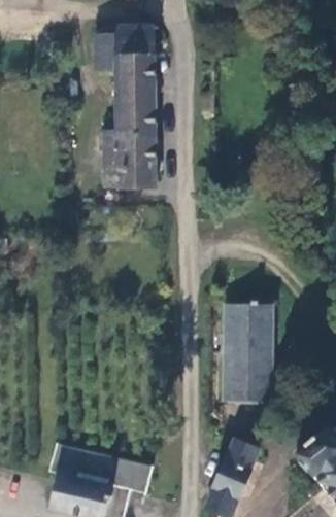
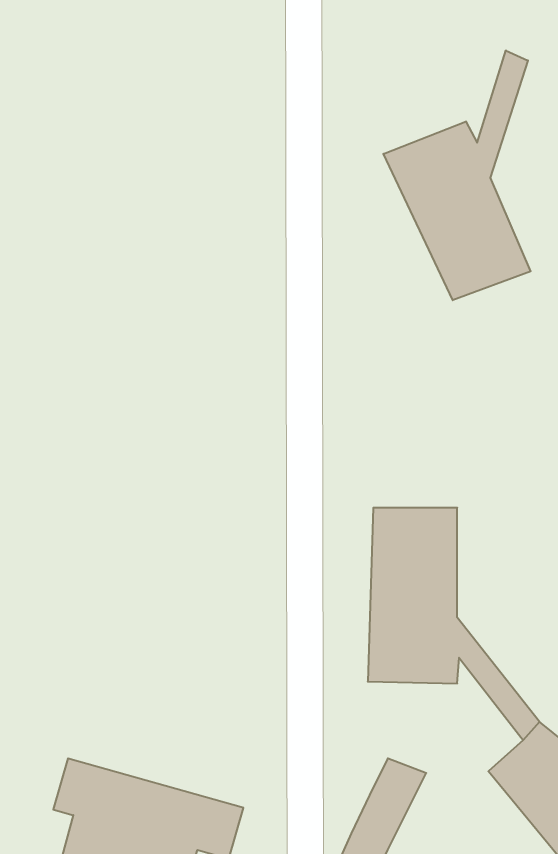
building: [102,28,153,192] -> none
building: none -> [383,50,531,300]

